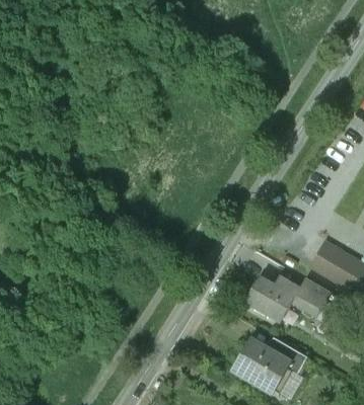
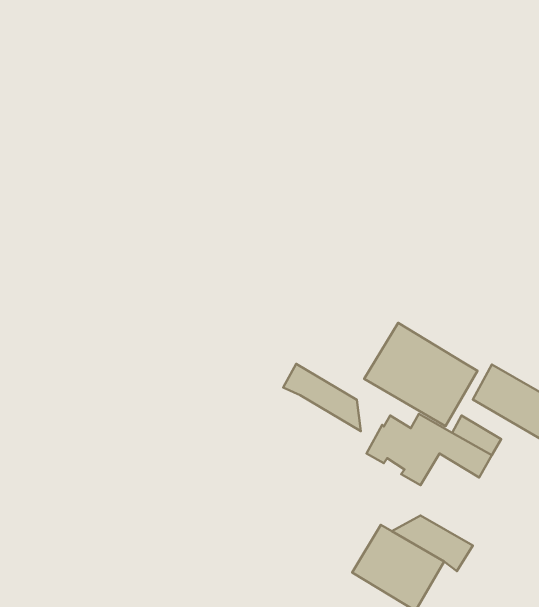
building: none -> [364,323,477,426]
building: none -> [283,364,361,431]

